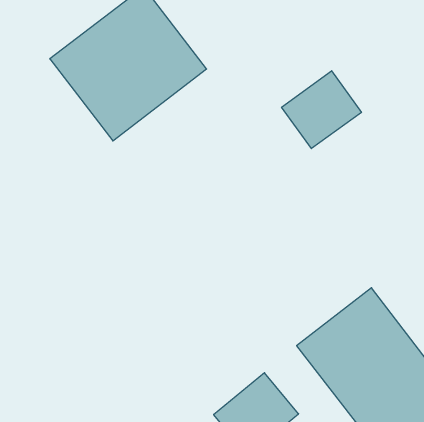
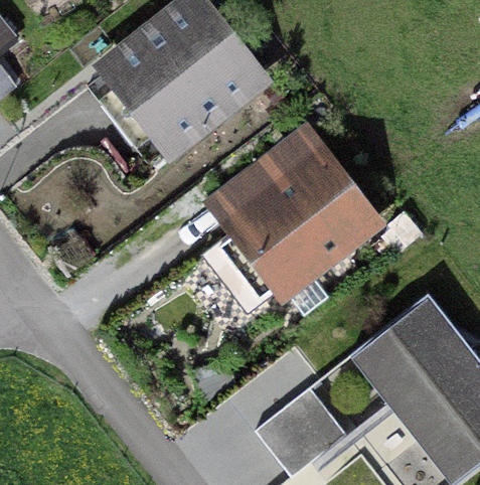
building: [282,71,361,149] -> none
building: none -> [211,136,375,297]

